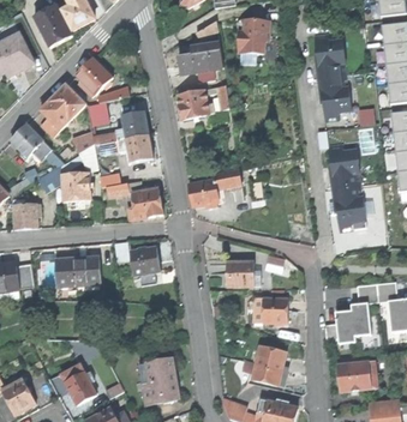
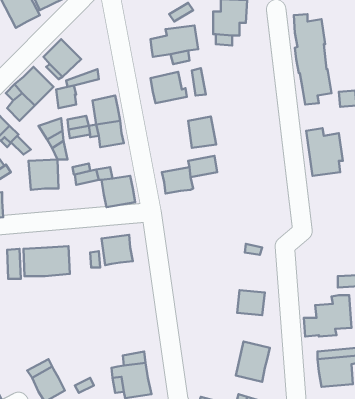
building: none -> [188,117,216,148]
building: [333,185,367,231] -> none
building: [228,260,255,285] -> none

